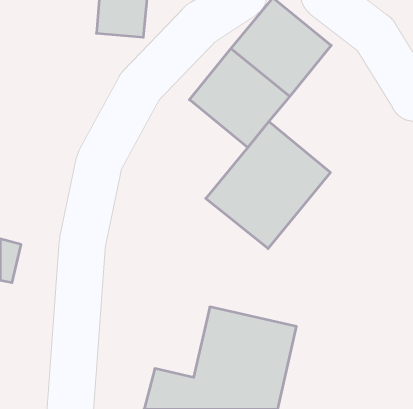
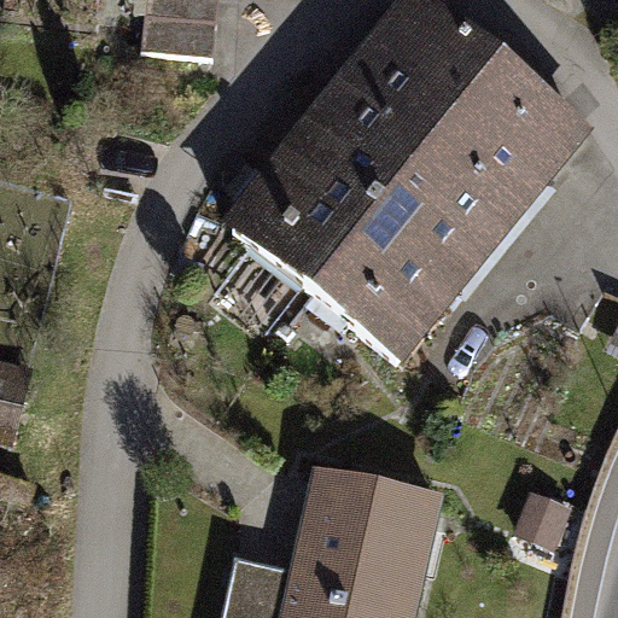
building: none -> [402,68,588,257]
building: none -> [221,148,371,296]

